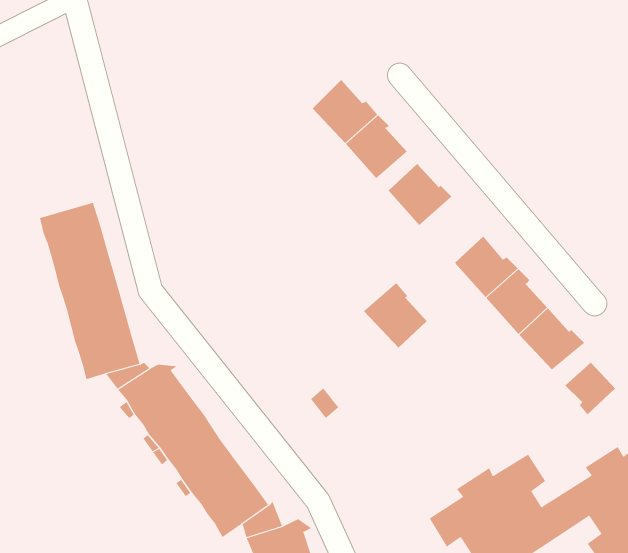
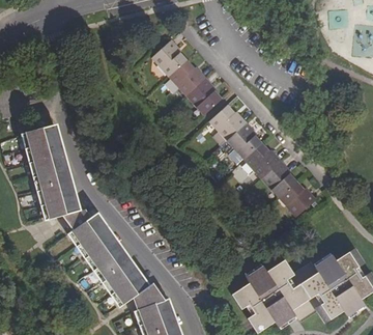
building: none -> [152,40,185,76]
building: [363,282,428,348] -> [227,122,261,158]
building: [565,362,616,415] -> none

